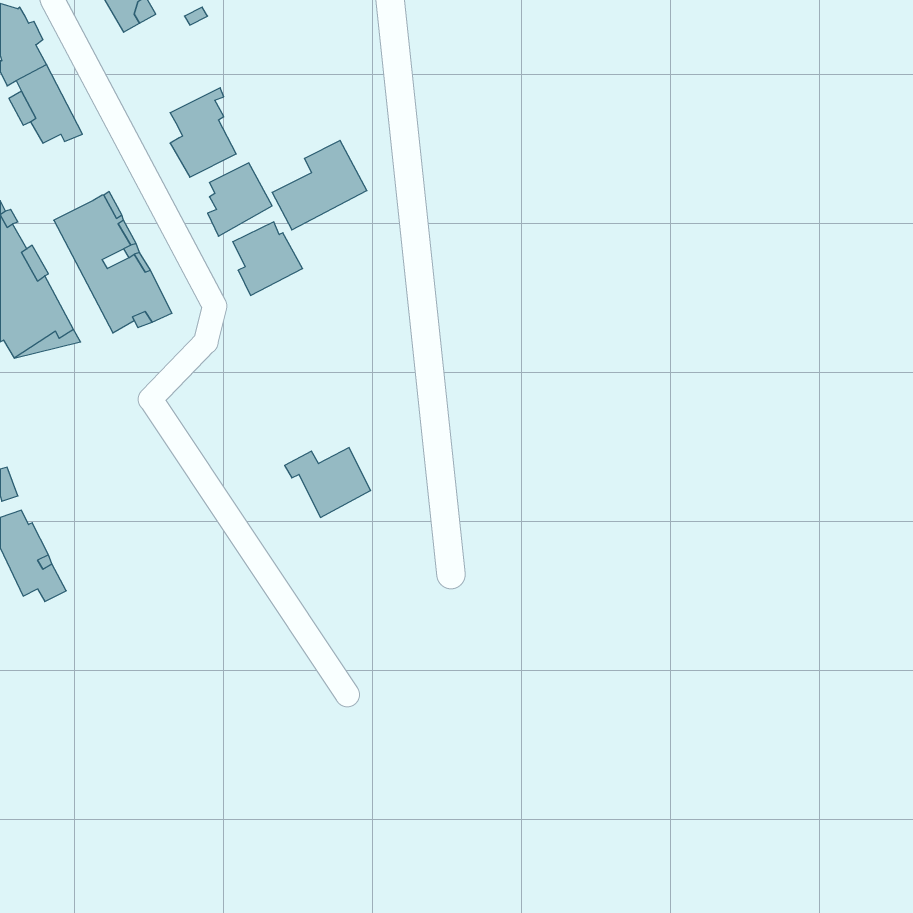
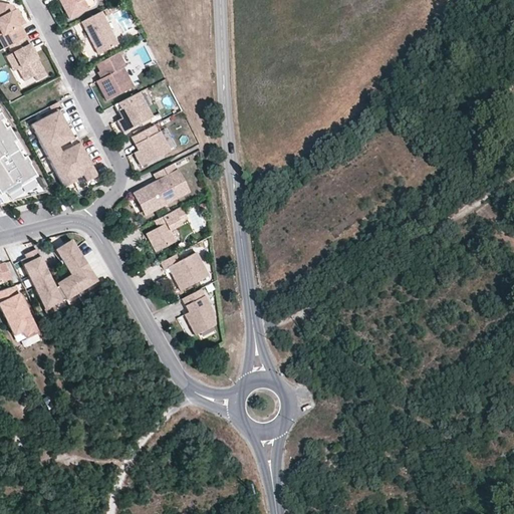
building: none -> [81,11,118,54]
building: [272,140,367,230] -> [136,163,189,213]
building: none -> [147,206,188,251]
building: none -> [21,239,97,313]
building: none -> [183,288,215,334]

